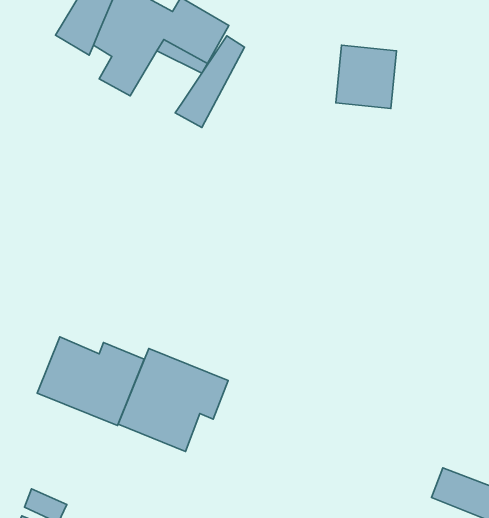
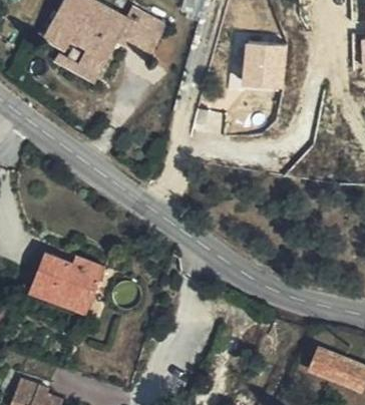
building: [175,36,245,127] -> none
building: [118,348,228,452] -> none

